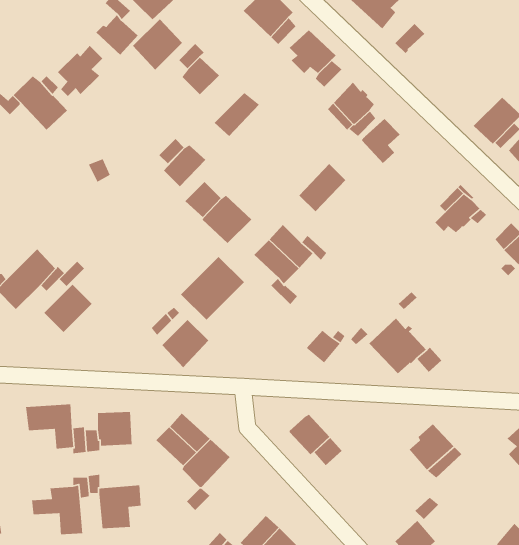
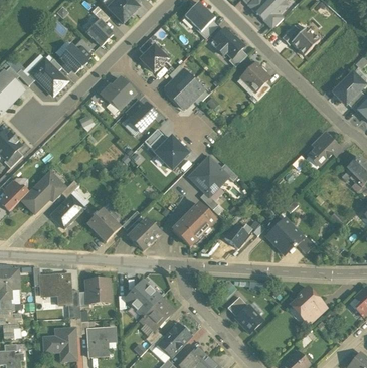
building: [132,18,183,71] -> [102,76,135,111]
building: none -> [291,26,320,55]
building: [361,118,400,164] -> none
building: [299,163,346,212] -> [173,77,204,110]
building: [180,256,245,320] -> [173,203,215,245]
building: none -> [87,208,120,241]
building: [289,414,330,455] -> [236,304,263,331]
building: none -> [158,323,191,356]

